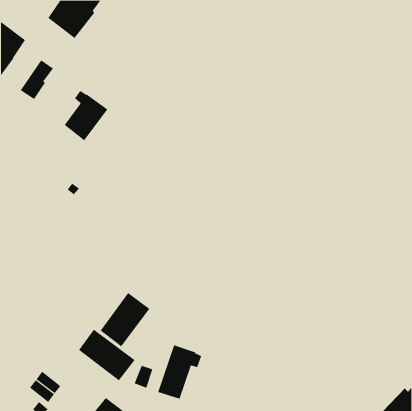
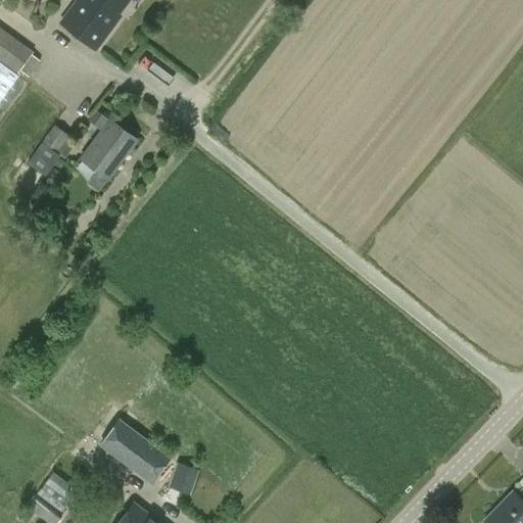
building: [20,60,54,100] -> [27,127,69,178]
building: [100,292,150,347] -> none
building: [158,345,202,399] -> none

